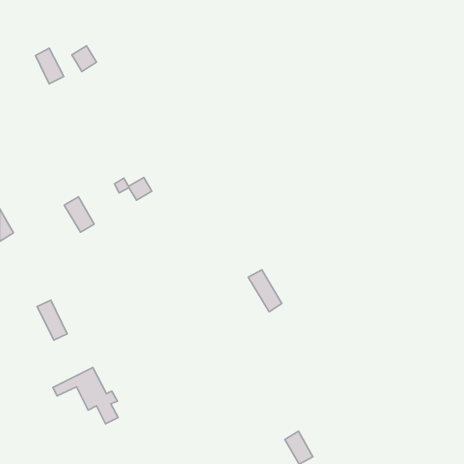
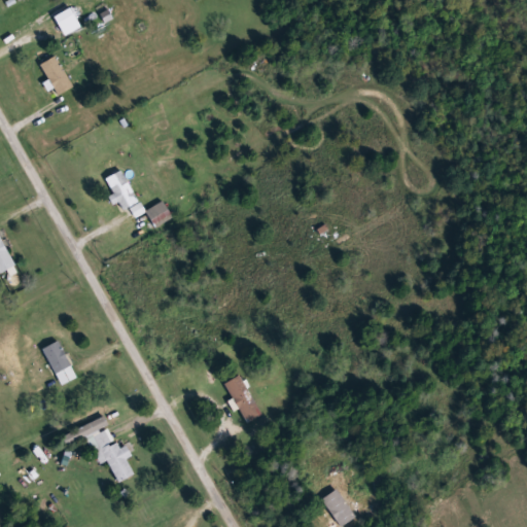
building: [72,46,97,71] -> [52,6,80,35]
building: [64,197,94,232] -> [104,169,138,209]
building: [248,270,282,312] -> [222,375,260,422]

